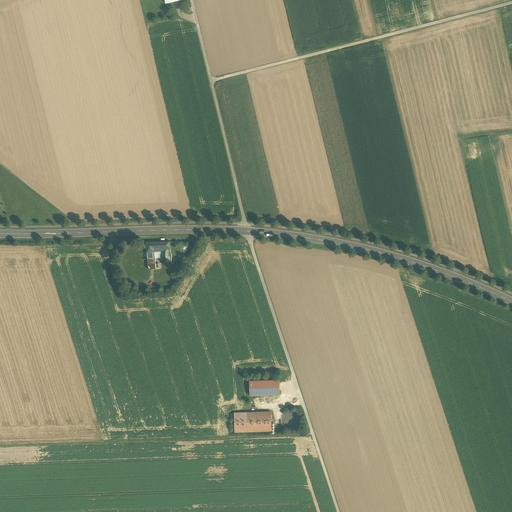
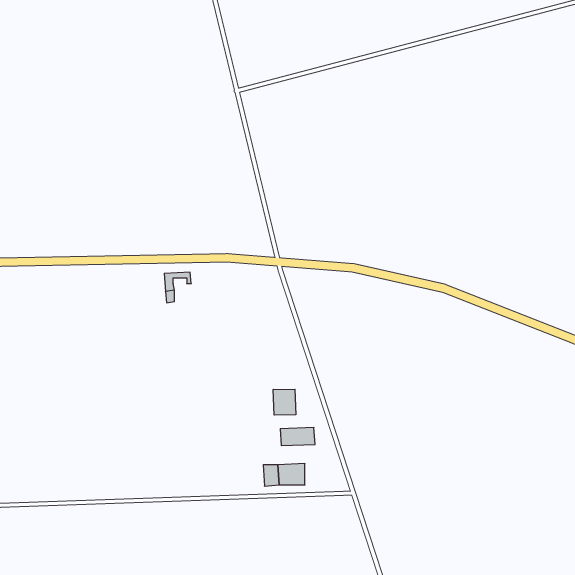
building: none -> [273,389,296,415]

